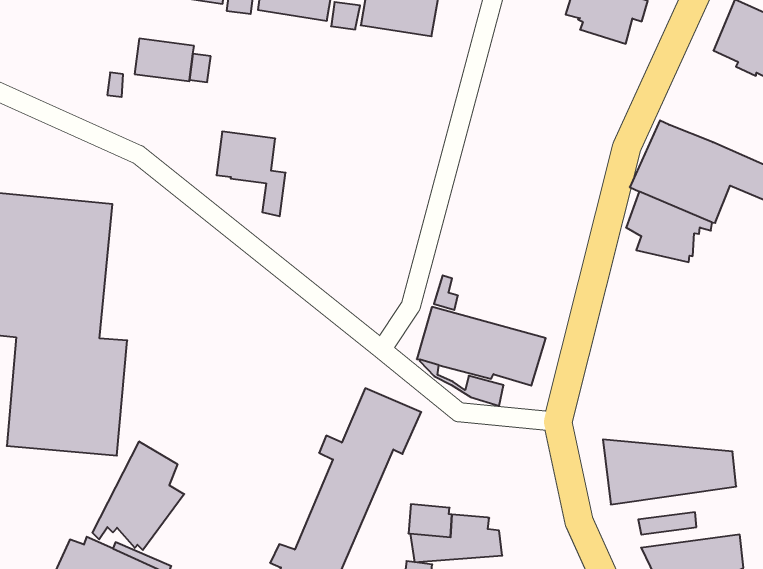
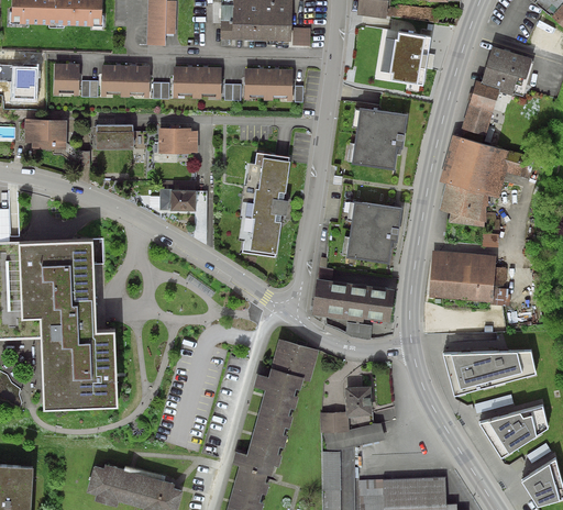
building: none -> [24,119,67,149]
building: none -> [460,81,500,144]
building: none -> [158,128,198,154]
building: none -> [352,108,408,170]
building: none -> [239,151,292,258]
building: none -> [346,202,402,265]
building: none -> [429,251,510,306]
building: [92,441,184,550] -> none
building: none -> [345,387,373,417]

